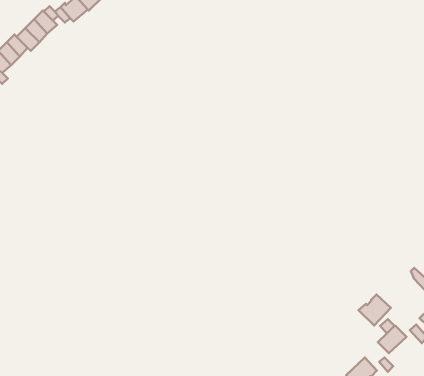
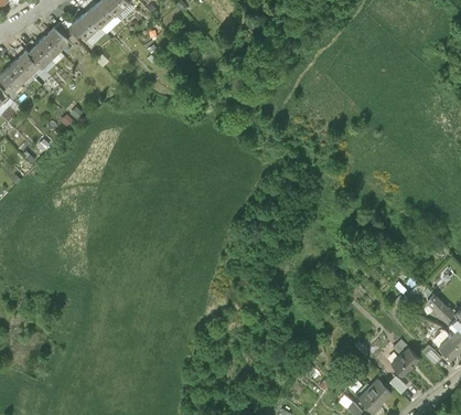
building: [359,295,391,326] -> none

